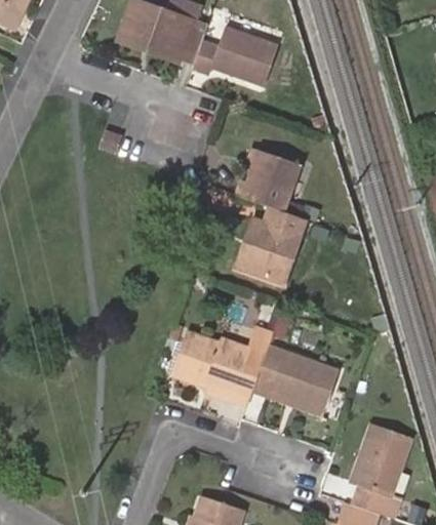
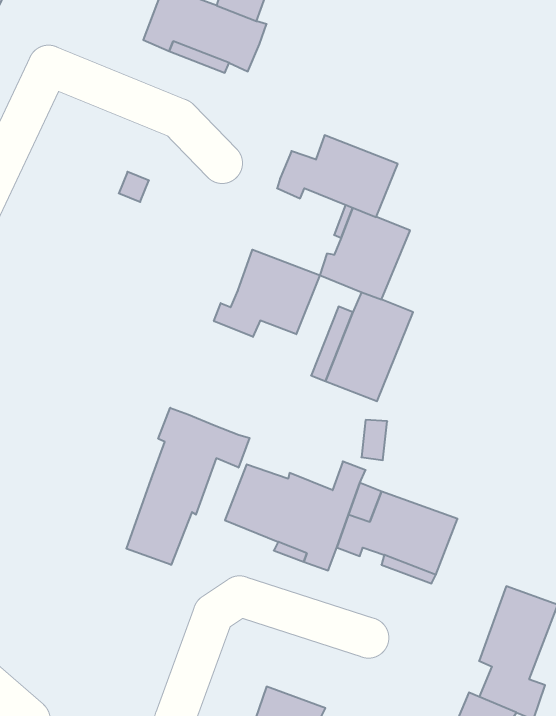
building: [187,24,273,82] -> [277,135,398,217]
building: none -> [214,250,320,337]
building: none -> [126,408,250,565]

